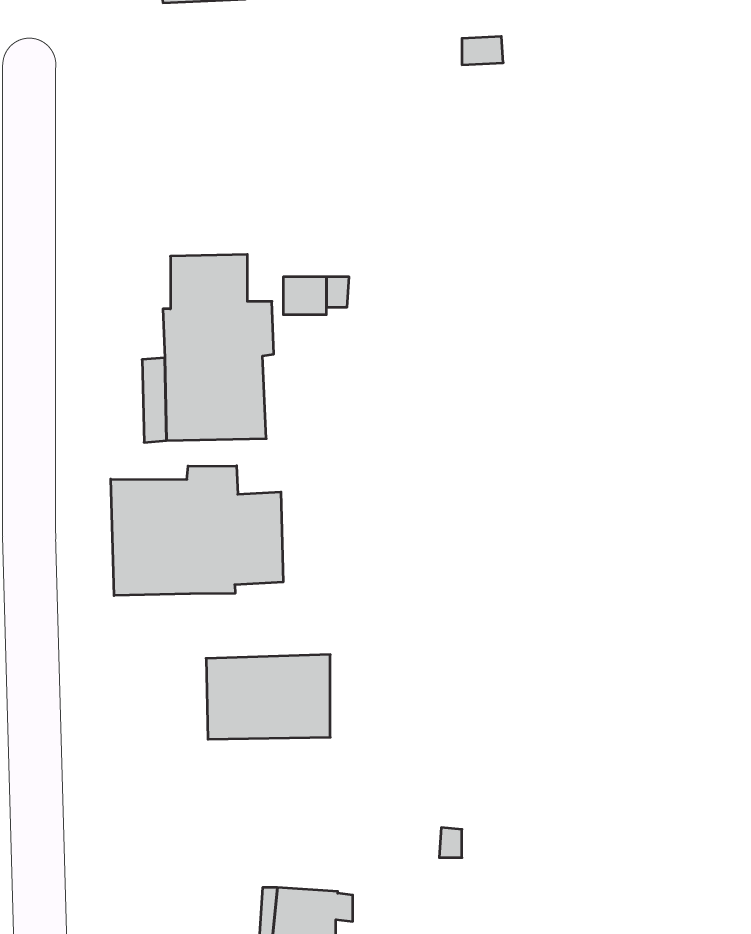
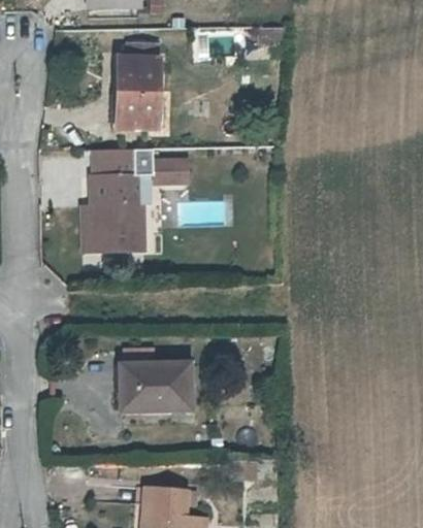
building: none -> [117,55,155,125]
building: [111,466,283,596] -> none

